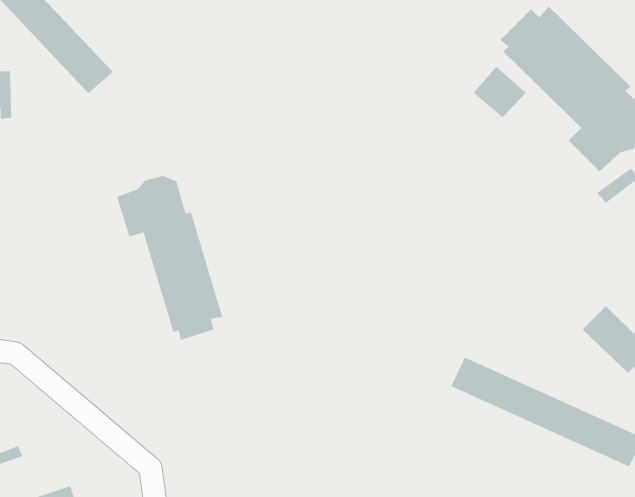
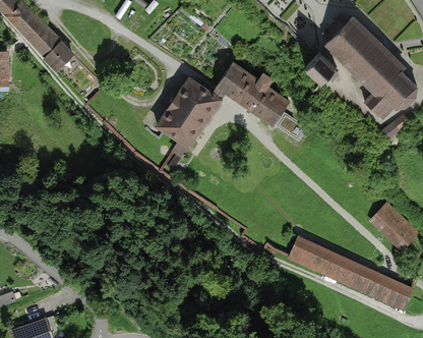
building: none -> [152,64,289,151]
building: [116,175,223,341] -> none

